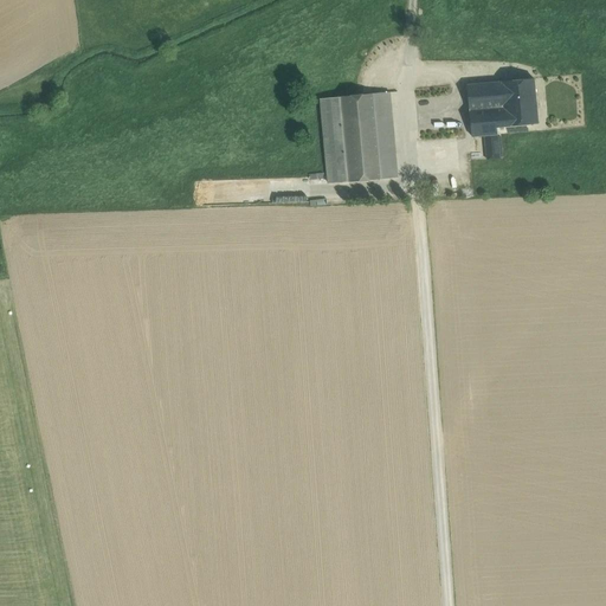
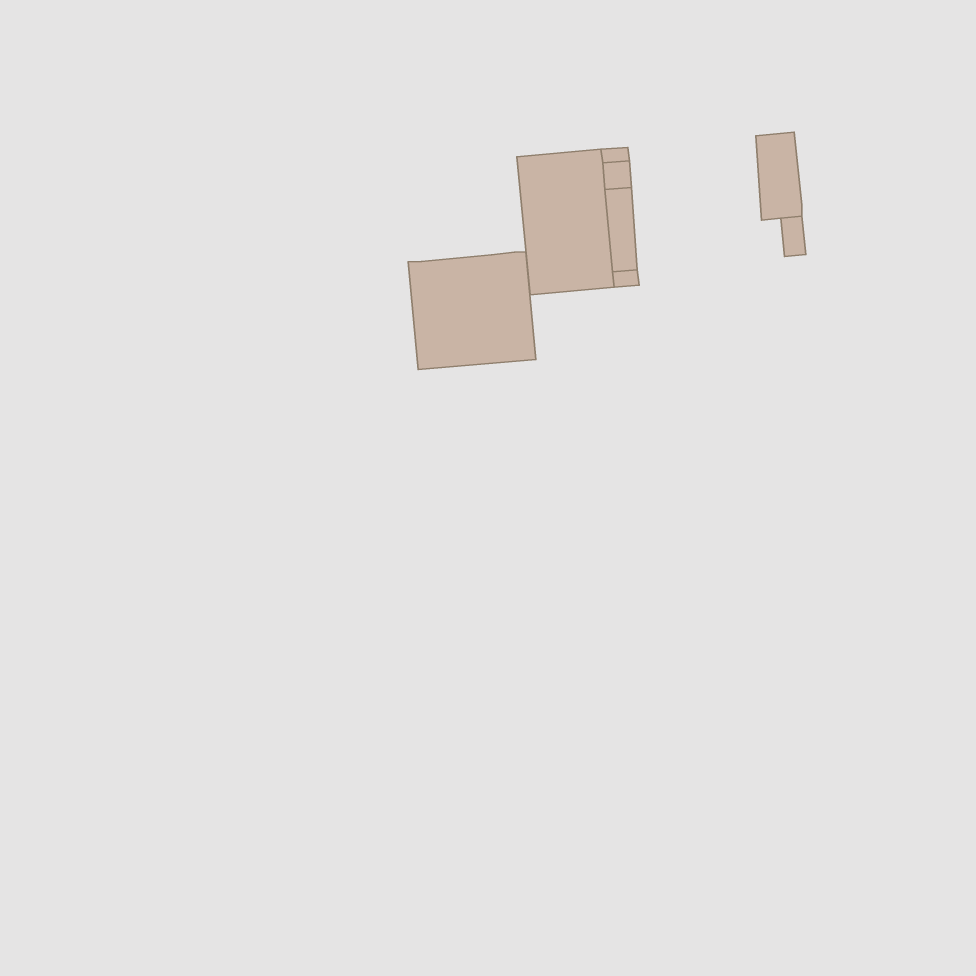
building: [491,78,536,127] -> none
building: none -> [408,252,536,370]

